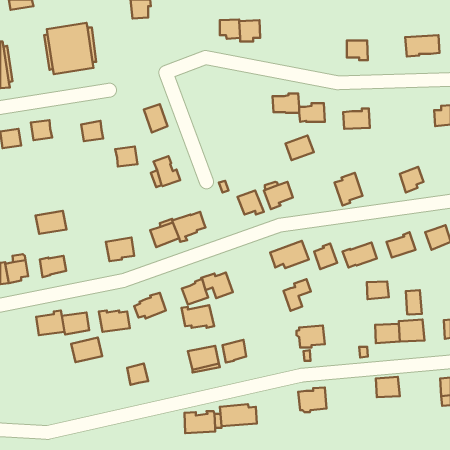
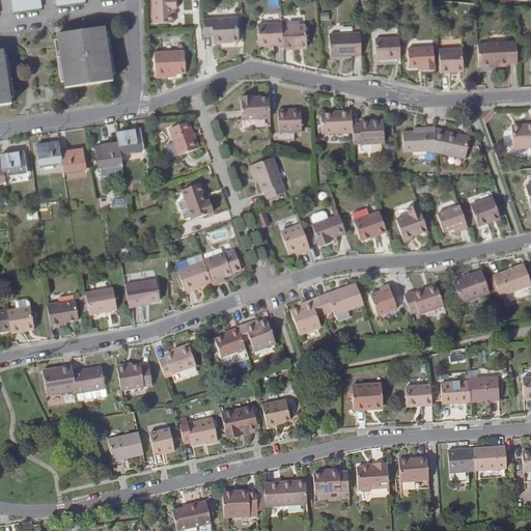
building: none -> [203,21,239,46]
building: none -> [330,32,361,56]
building: none -> [374,37,400,59]
building: none -> [439,48,463,72]
building: none -> [155,51,185,77]
building: none -> [241,94,271,118]
building: none -> [278,108,302,132]
building: none -> [435,129,467,157]
building: none -> [60,148,86,171]
building: none -> [246,158,282,200]
building: [285,135,314,160] -> [353,212,386,241]
building: [115,146,137,167] -> [117,129,143,152]
building: none -> [437,205,468,232]
building: [36,211,66,234] -> [86,287,122,314]
building: [284,279,311,311] -> [291,297,324,334]
building: [367,281,389,299] -> [407,385,432,406]
building: [406,290,422,314] -> none
building: [182,305,214,328] -> [178,416,217,443]
building: [71,338,102,362] -> [108,431,144,460]
building: none -> [469,441,502,466]
building: none -> [394,450,424,476]
building: none -> [309,464,344,487]
building: none -> [167,495,206,525]

